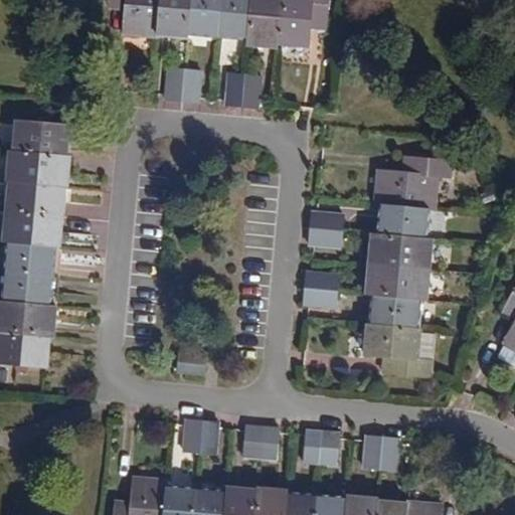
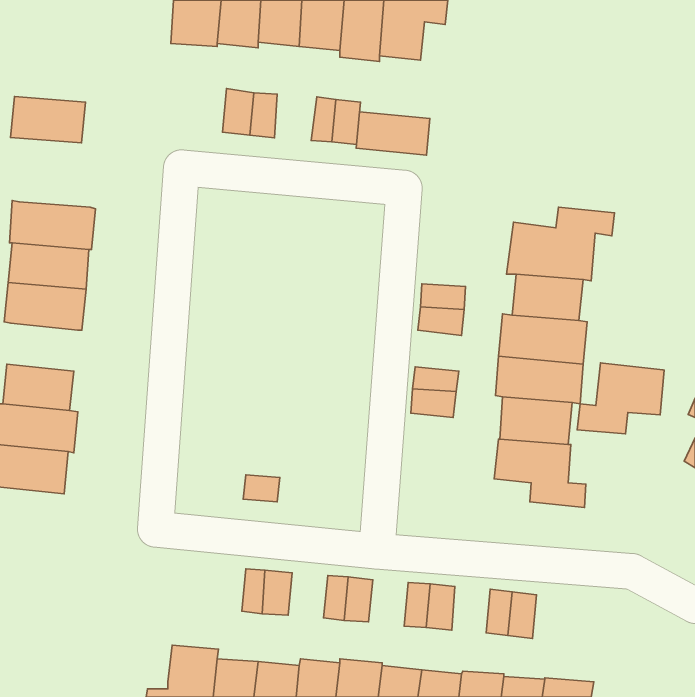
building: none -> [356,112,430,155]
building: [14,119,69,153] -> [10,97,85,143]
building: [5,238,57,274] -> none
building: none -> [577,363,664,434]

